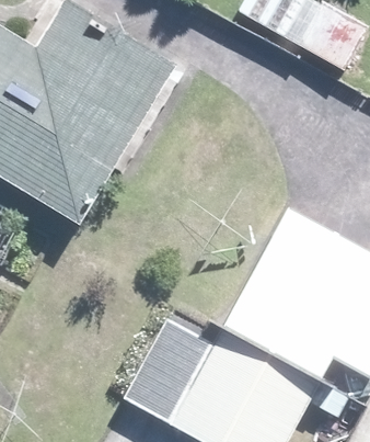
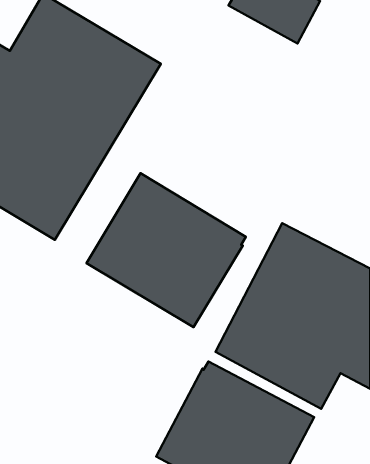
building: none -> [86,173,246,327]

